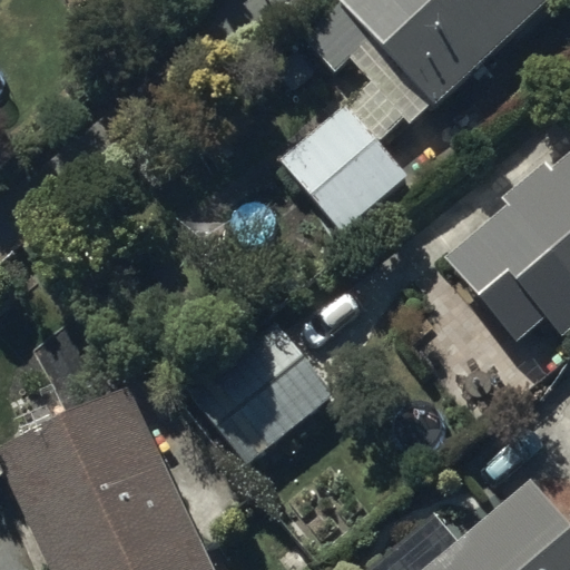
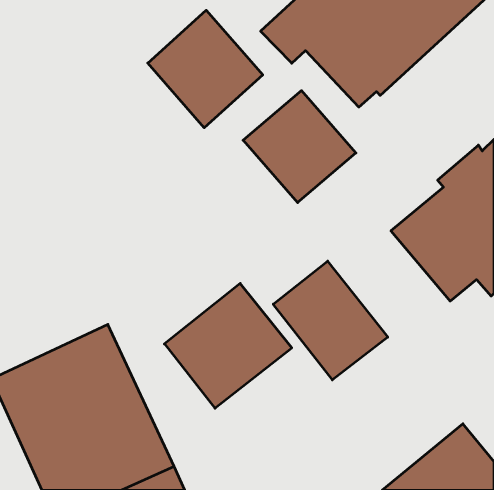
building: none -> [148,10,263,128]
building: none -> [273,261,388,380]

